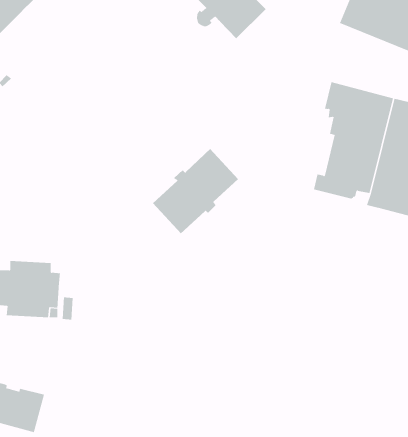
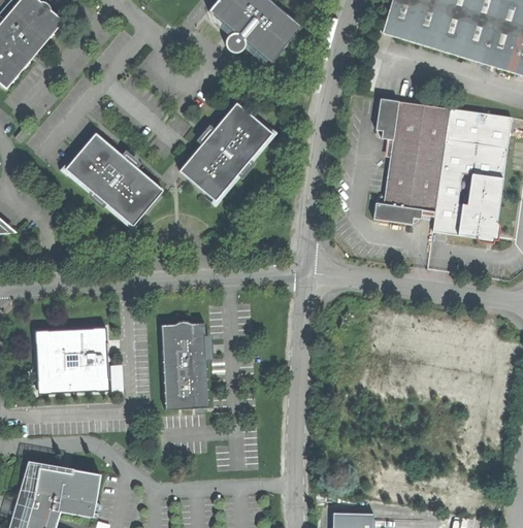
building: none -> [65,132,163,225]
building: [152,148,239,234] -> [181,102,273,200]
building: none -> [162,321,211,410]

